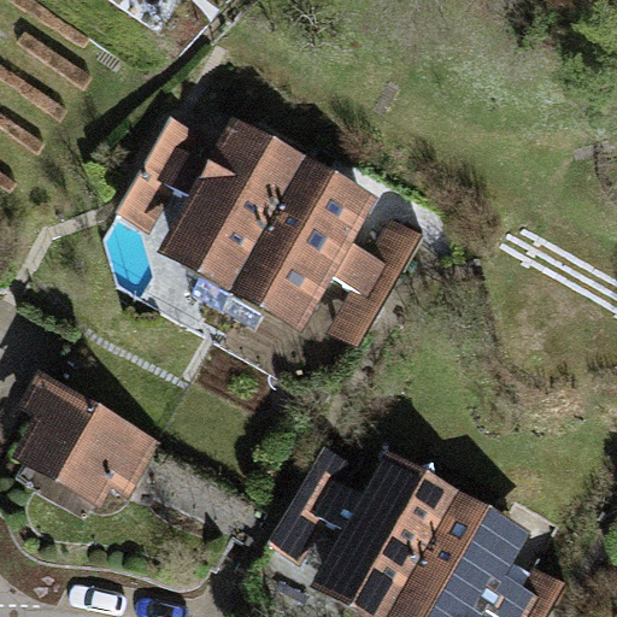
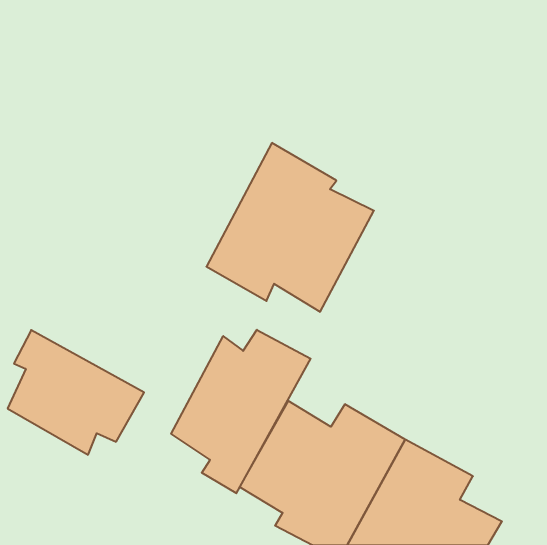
building: [116,118,307,299] -> none
building: none -> [171,330,311,493]

